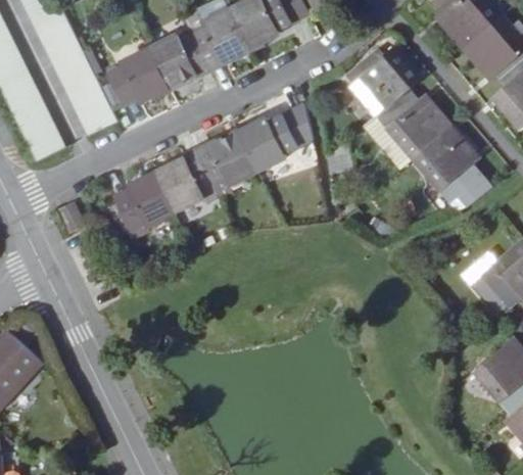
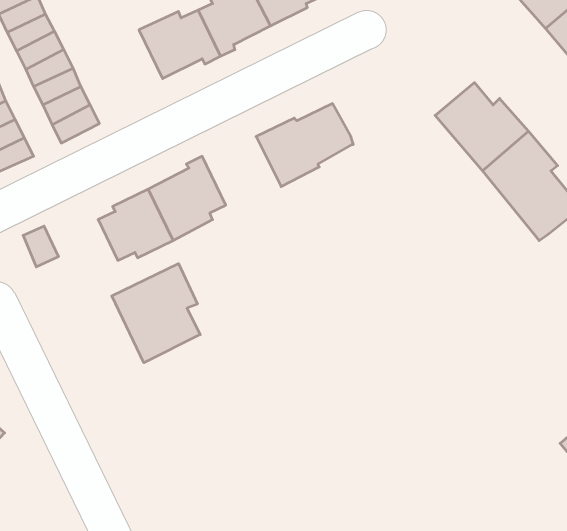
building: [349,41,419,116] -> none
building: [107,50,165,105] -> none
building: [196,133,257,198] -> none
building: none -> [112,264,200,363]

